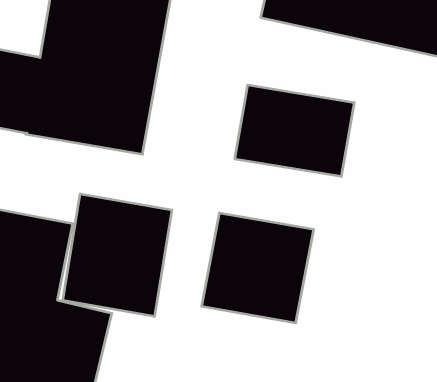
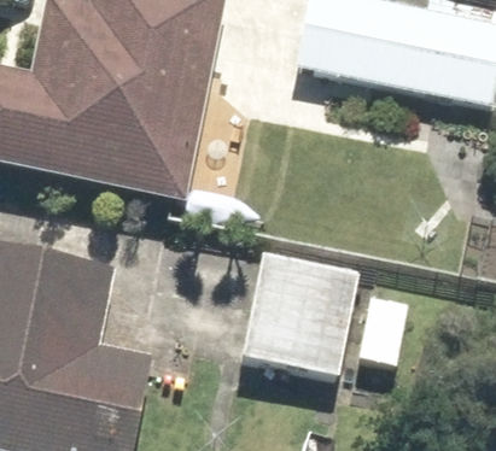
building: [235,85,354,177] -> none
building: [63,194,172,317] -> none

